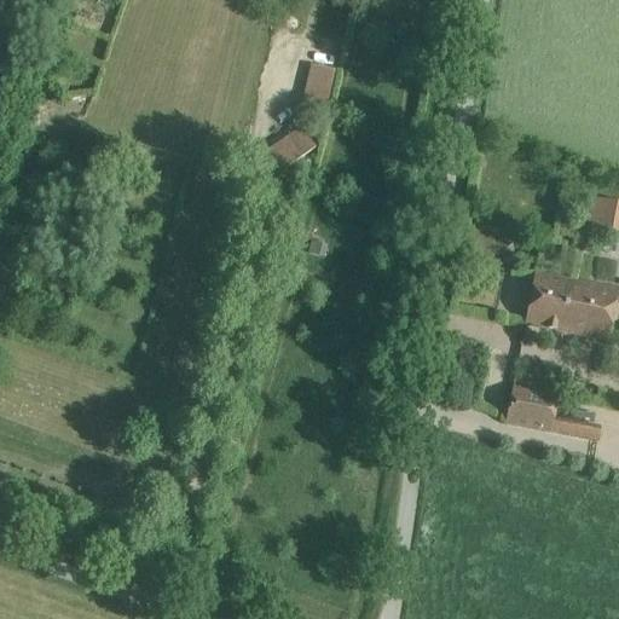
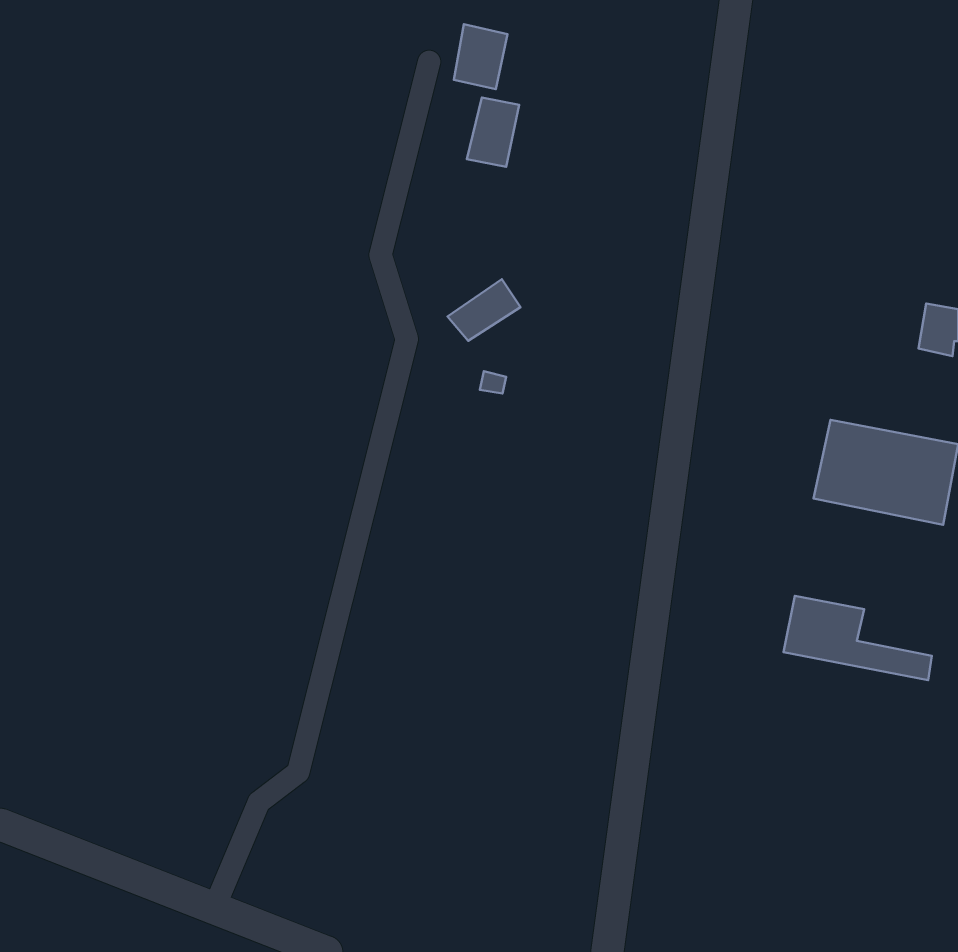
building: none -> [454,24,507,89]
building: [267,127,314,167] -> [447,279,521,341]

